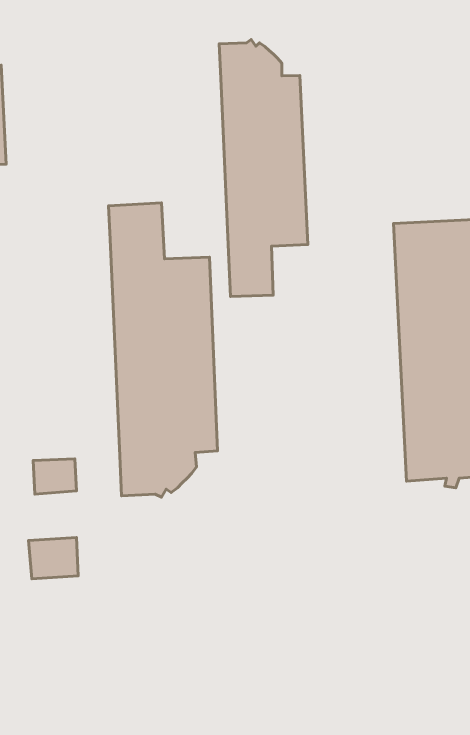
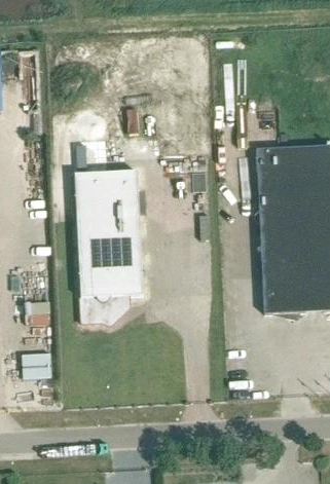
building: [219,39,308,296] -> none

